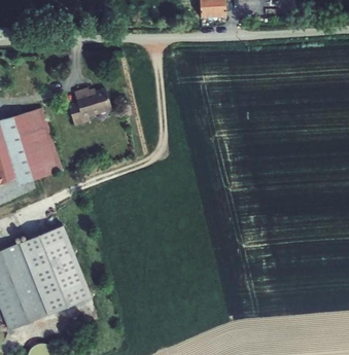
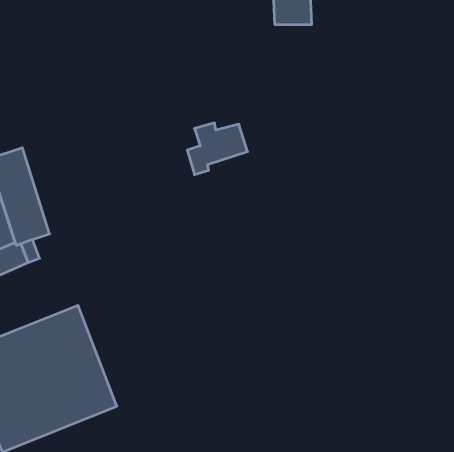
building: [62,83,105,120] -> [187,123,248,175]
building: [22,106,57,172] -> none

